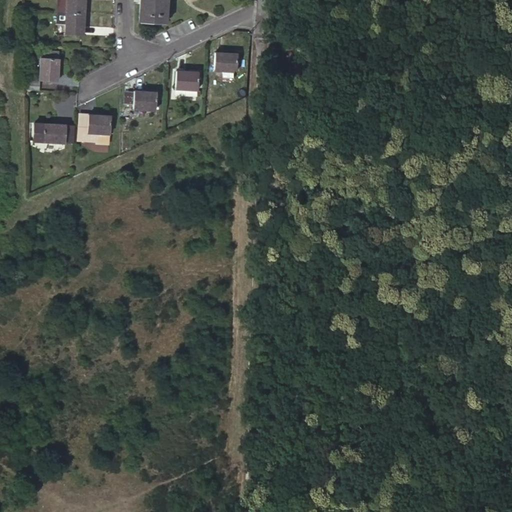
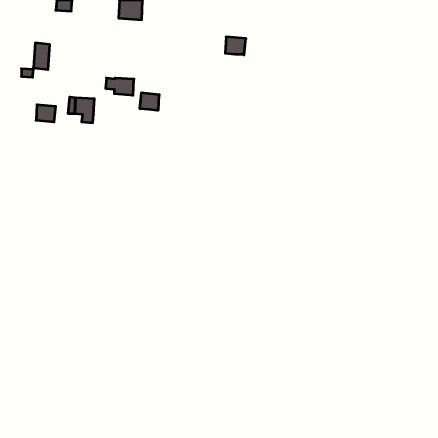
building: [64,13,84,36] -> none
building: [215,52,239,73] -> [225,37,246,55]
building: [176,70,199,90] -> [140,93,159,110]

